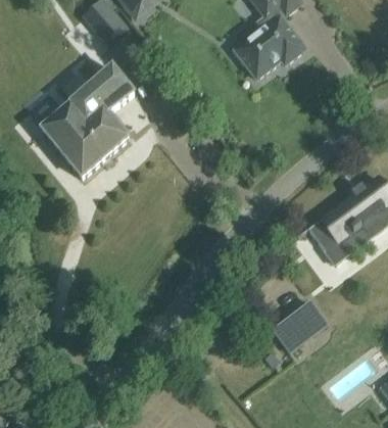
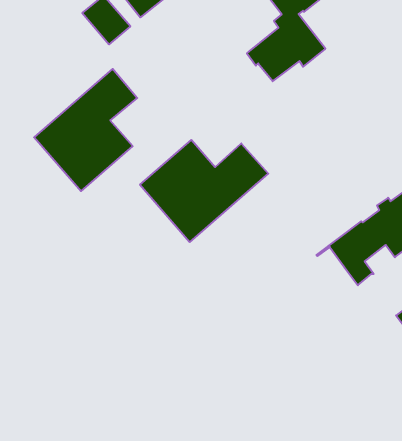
building: none -> [140,140,268,242]
building: [273,300,326,350] -> none

